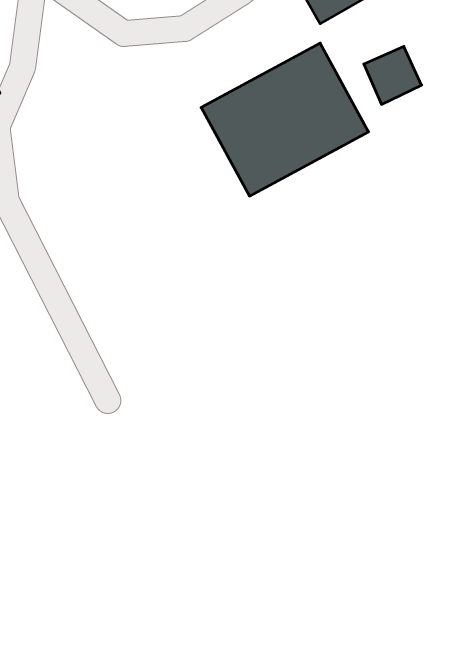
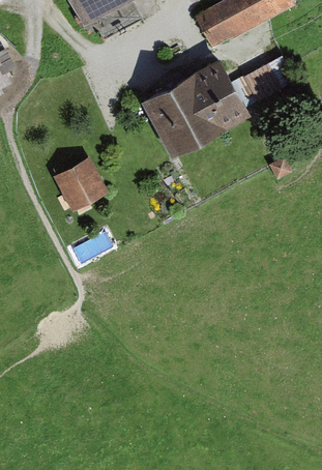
building: none -> [61,158,112,209]

